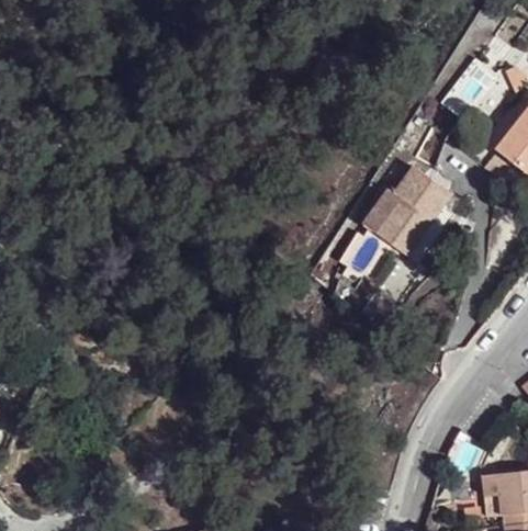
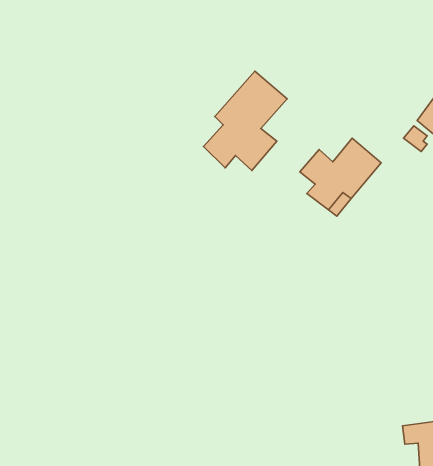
building: none -> [204,71,287,171]

